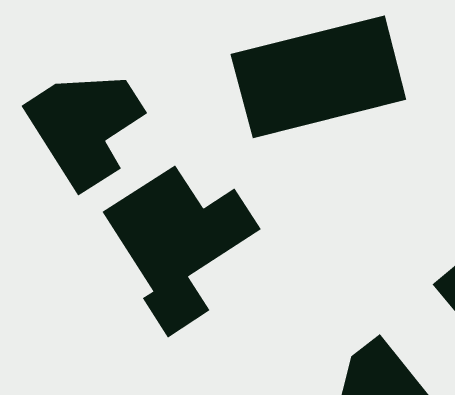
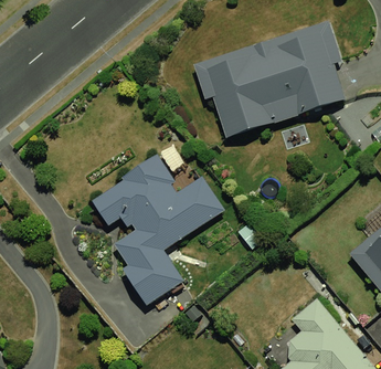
building: [21,79,148,196] -> none

